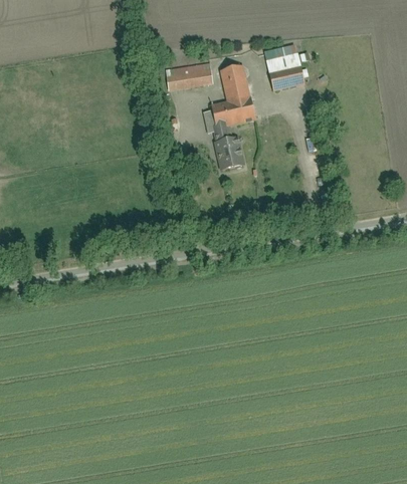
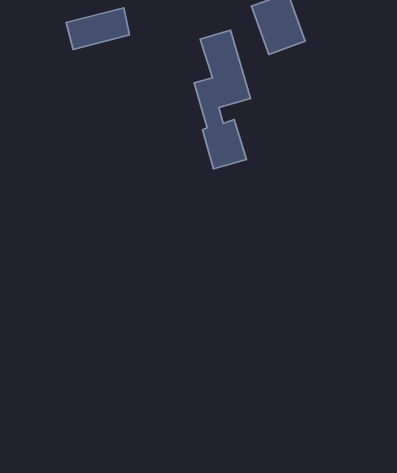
building: [163,62,212,90] -> [66,8,130,49]

